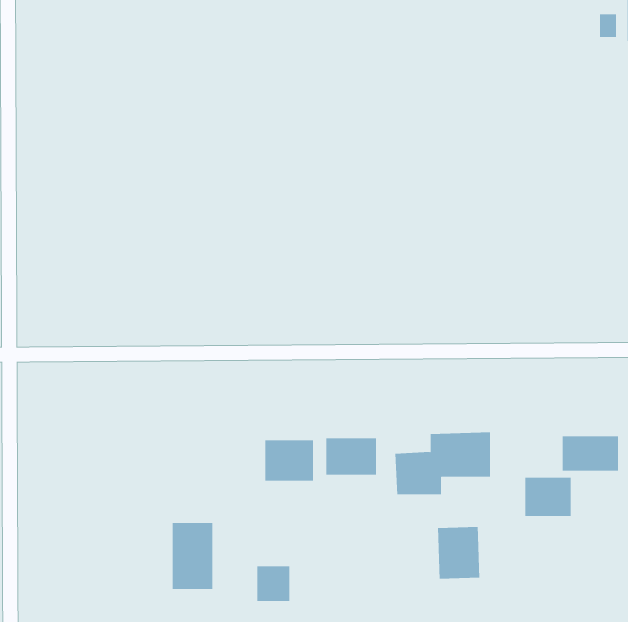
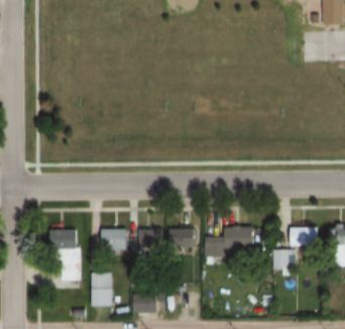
building: none -> [55,229,79,278]
building: none -> [103,229,127,250]
building: [437,526,480,579] -> none

